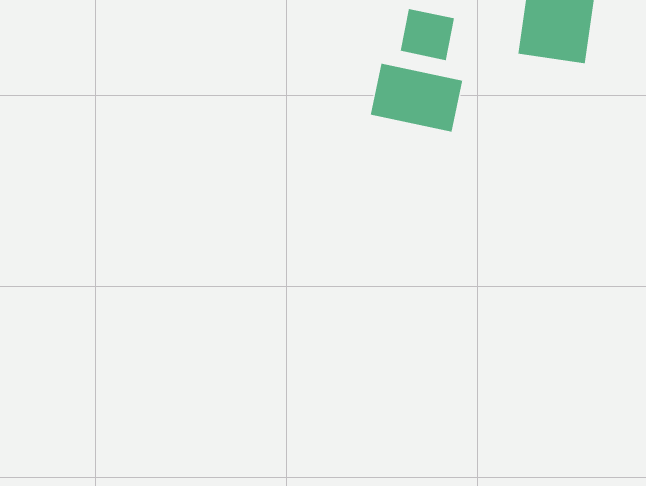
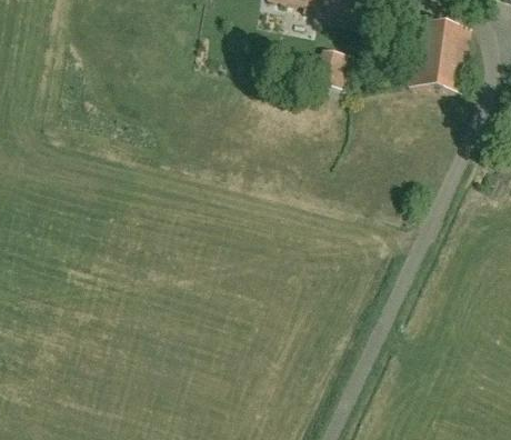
building: [370,63,463,133] -> none

